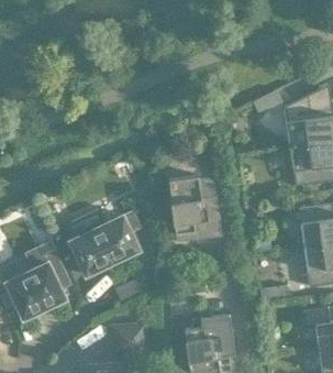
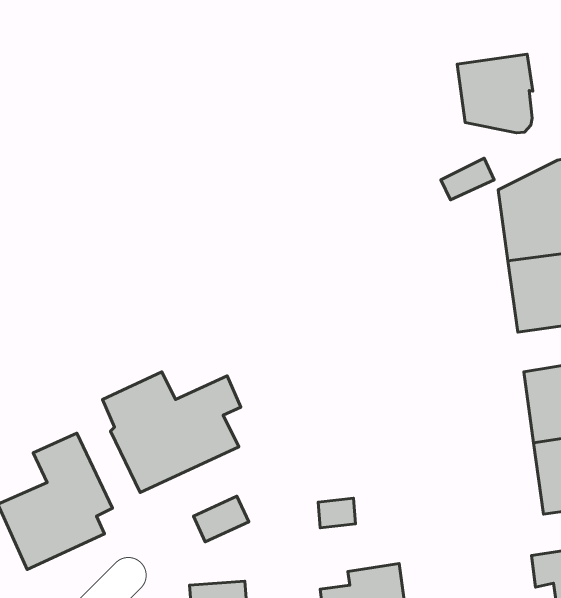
building: none -> [457,54,533,133]
building: [168,177,222,243] -> none

